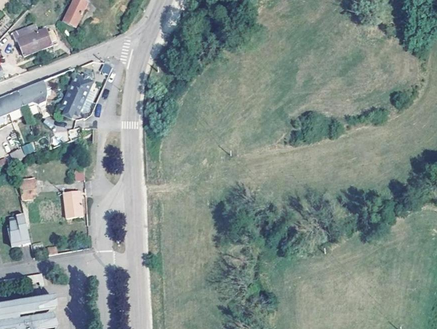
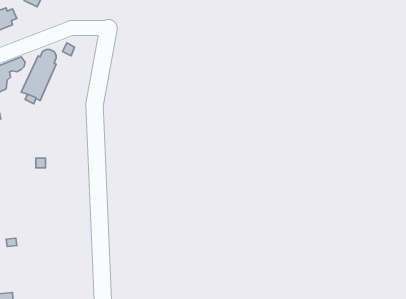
building: [61,190,82,217] -> none

